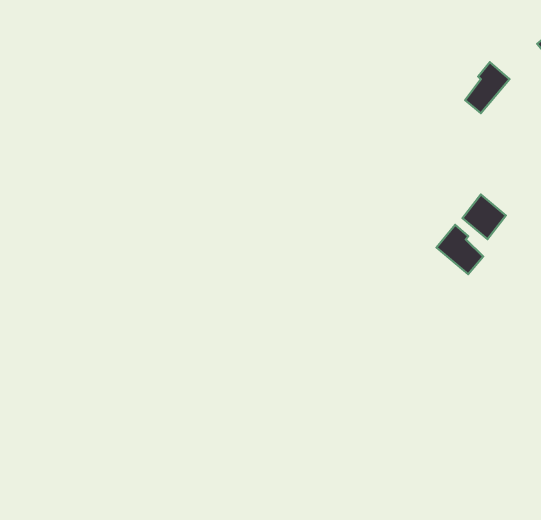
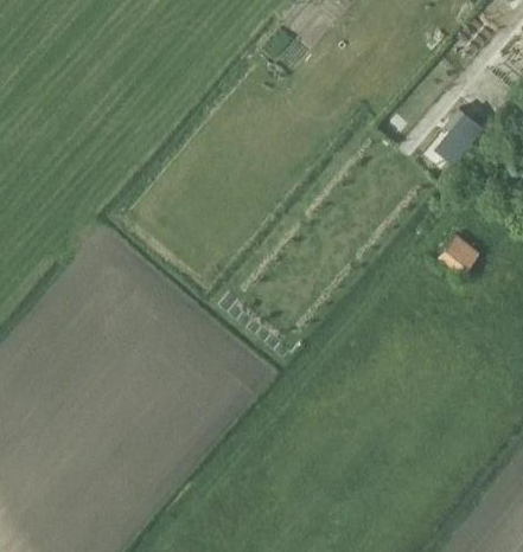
building: [436,225,483,274] -> none

